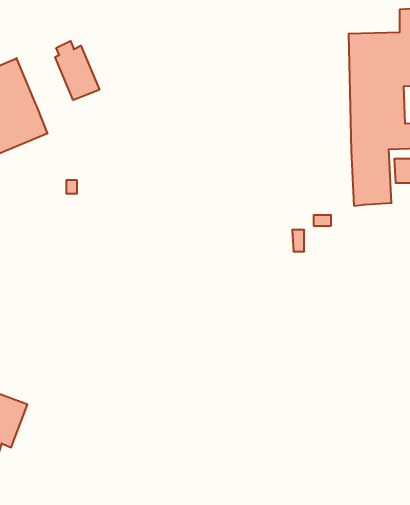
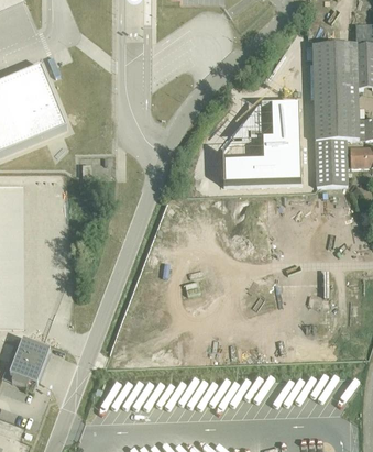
building: [55,41,99,100] -> none
building: none -> [221,102,300,183]

